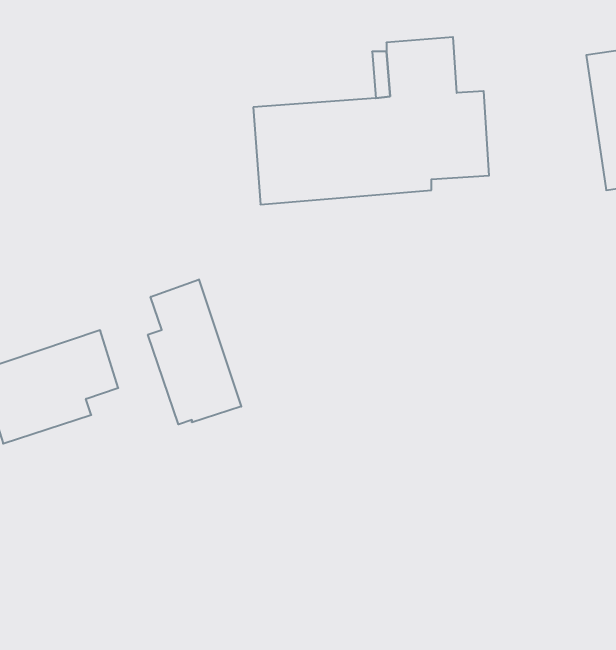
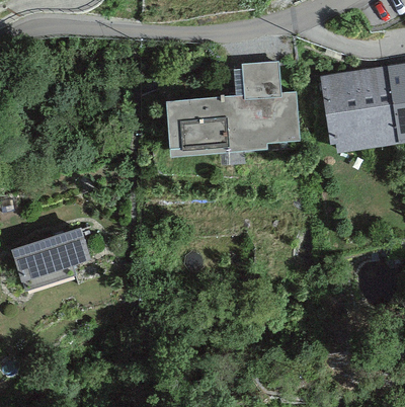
building: none -> [320,71,366,151]
building: [148,279,241,424] -> none

